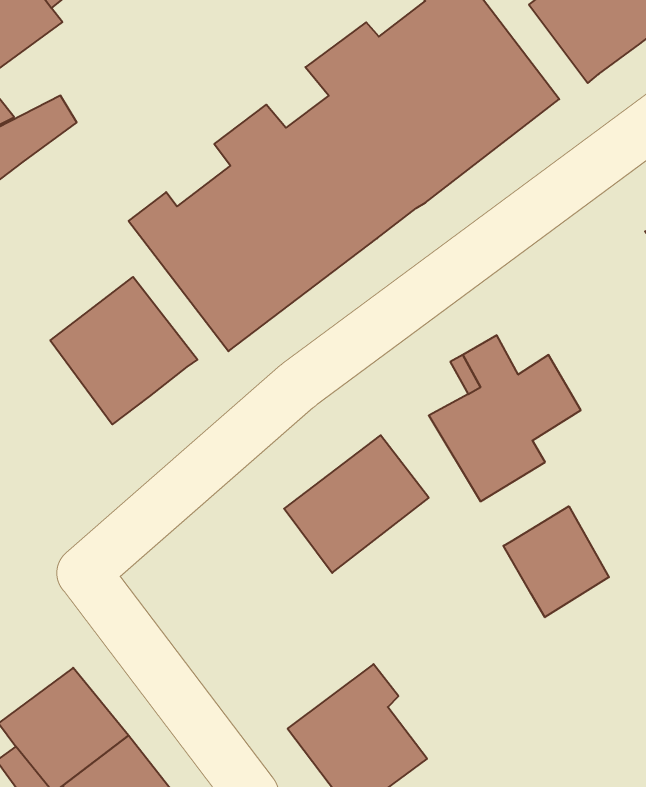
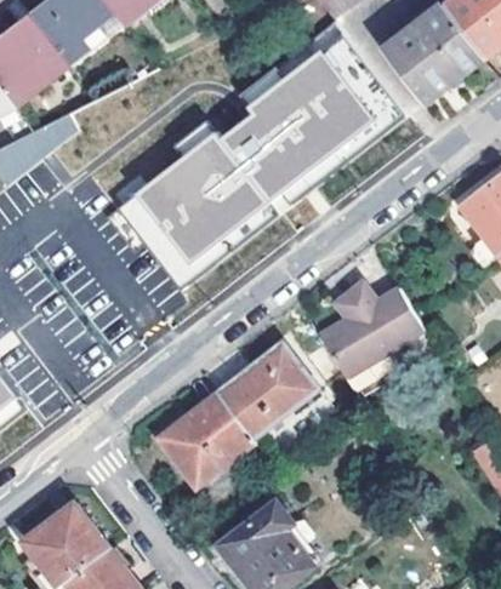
building: [50,277,197,424] -> none
building: [503,506,609,617] -> none
building: none -> [159,393,254,485]

